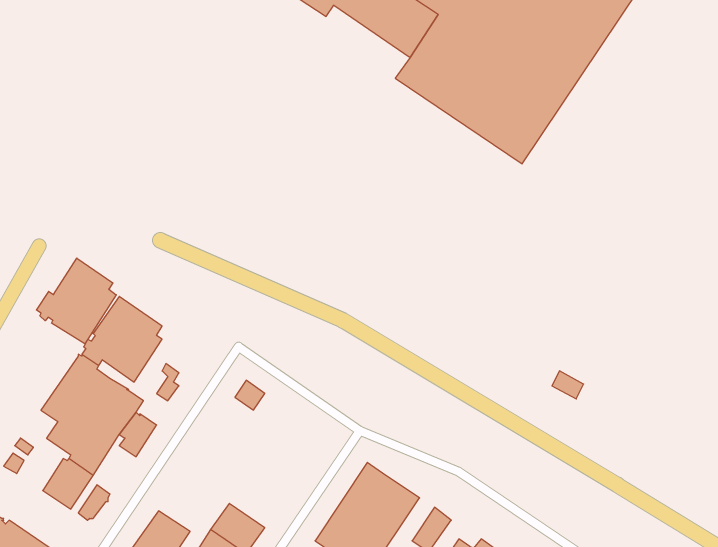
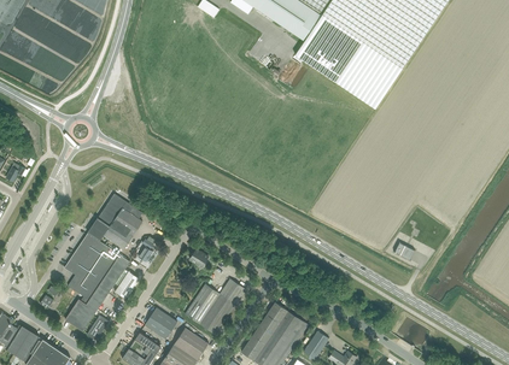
building: [36,258,116,344] -> none
building: none -> [185,278,246,334]
building: none -> [145,307,177,338]

